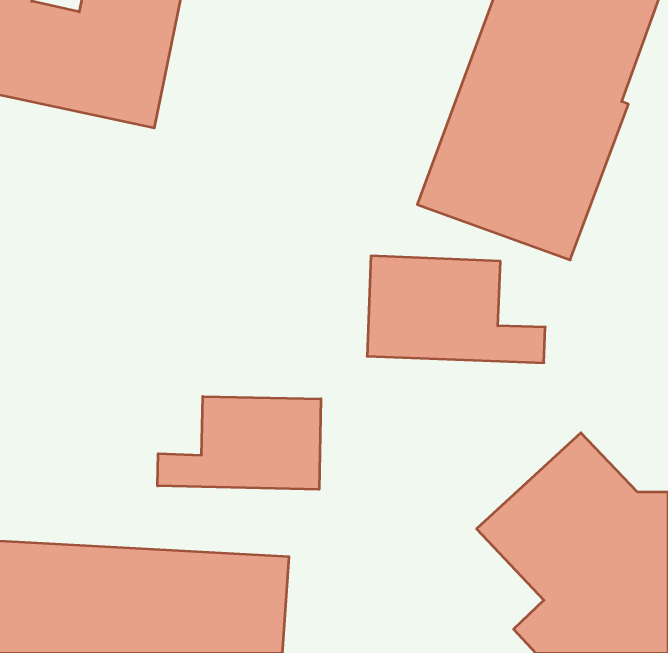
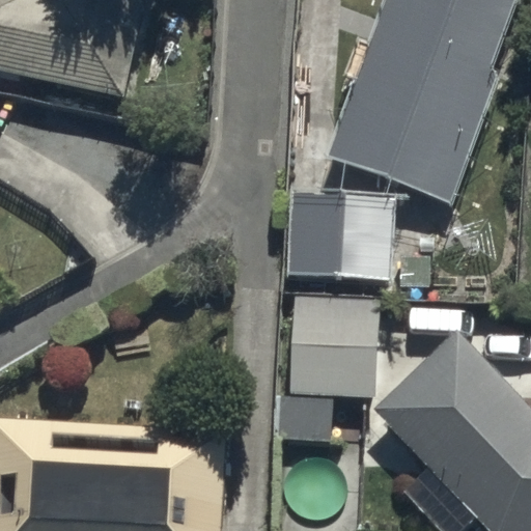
building: [158,396,321,489] -> none
building: none -> [278,334,373,438]

